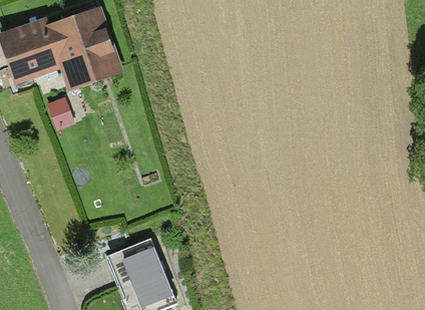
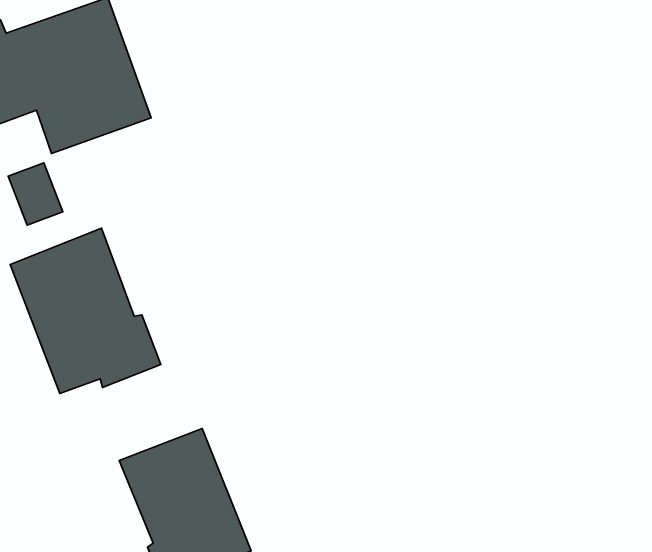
building: none -> [10,228,161,394]

